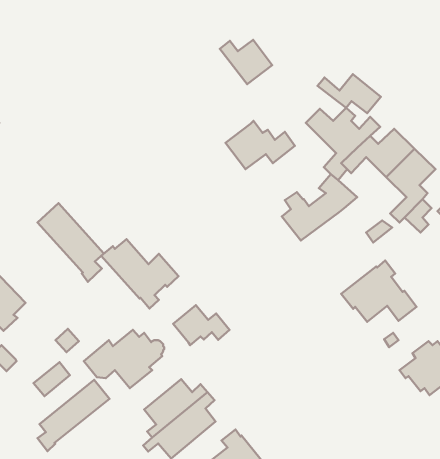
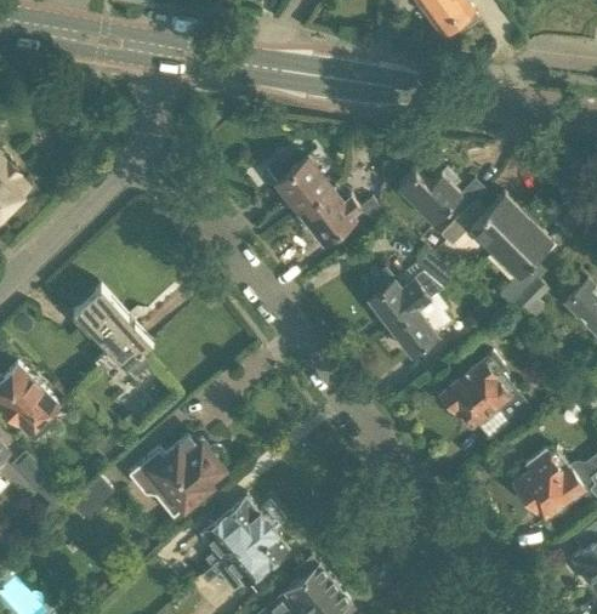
building: [220,40,272,84] -> [267,159,330,212]
building: [318,74,381,113] -> none
building: none -> [391,296,450,357]
building: [101,239,179,308] -> none
building: [173,305,230,345] -> none
building: [38,380,109,451] -> none

